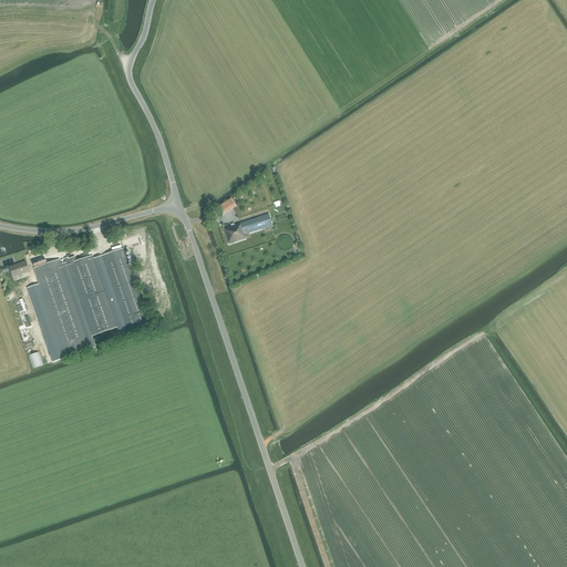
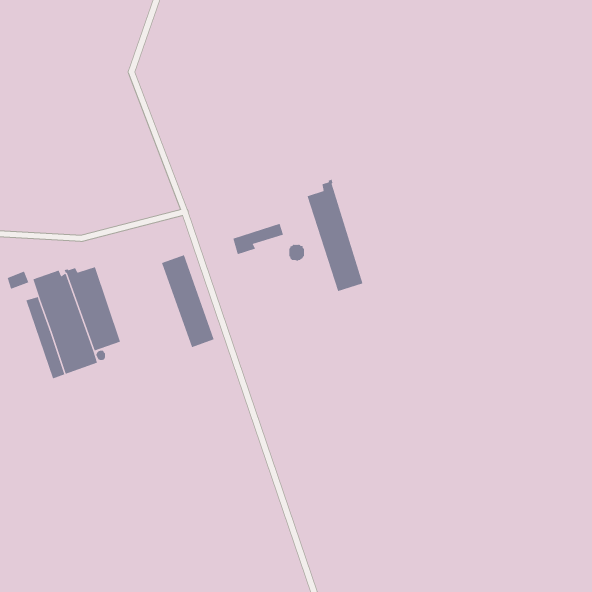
building: none -> [307,179,363,292]
building: [99,246,150,334] -> [161,255,215,348]

